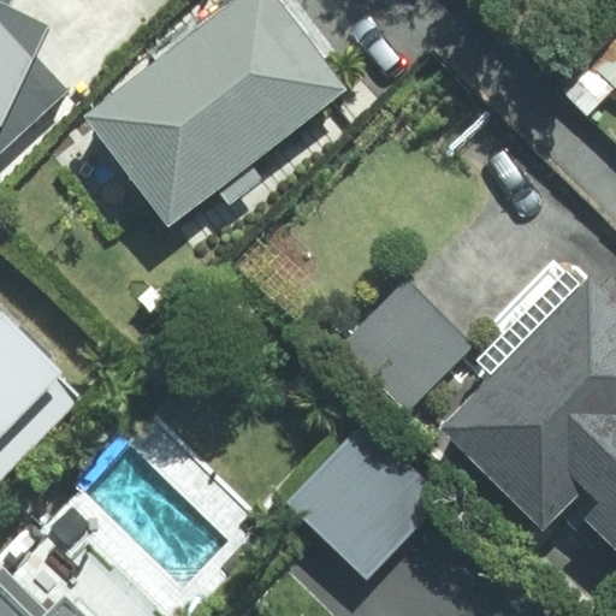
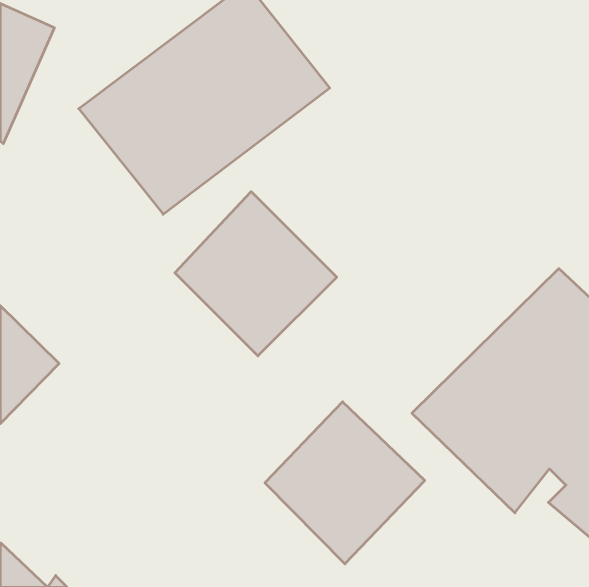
building: none -> [175,192,337,356]
building: [331,270,476,415] -> none

